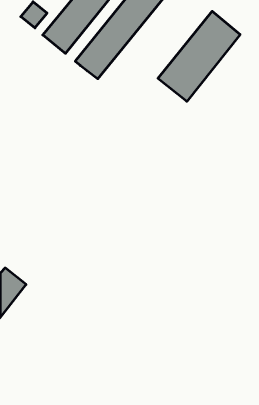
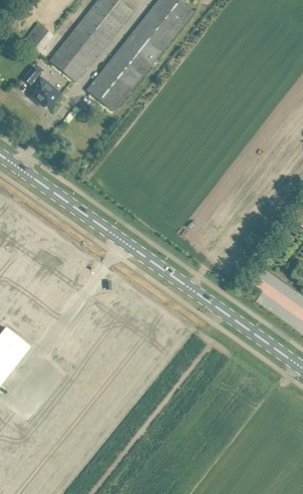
building: [158,11,240,101] -> none
building: none -> [24,66,61,107]

